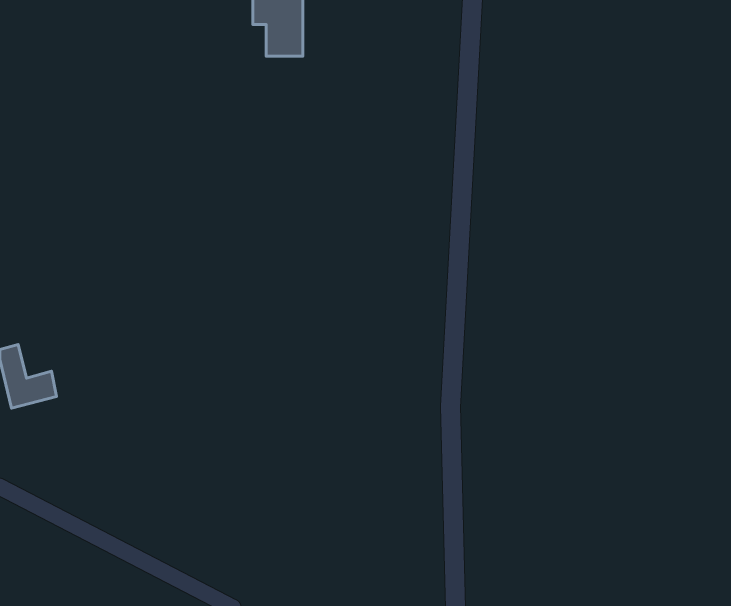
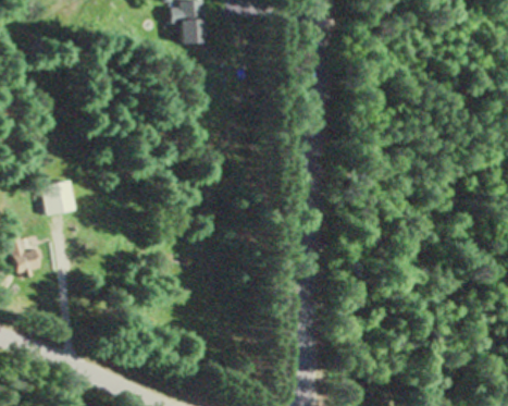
building: none -> [42,181,76,214]

